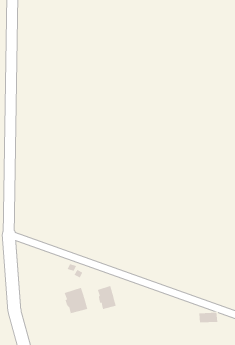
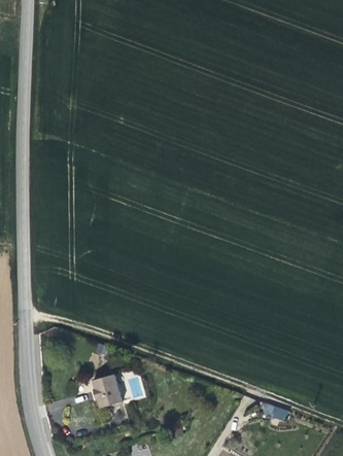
building: [97,285,117,310] -> none

